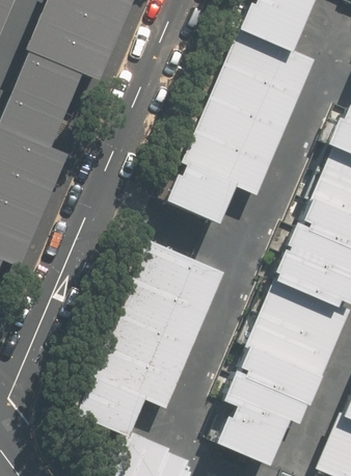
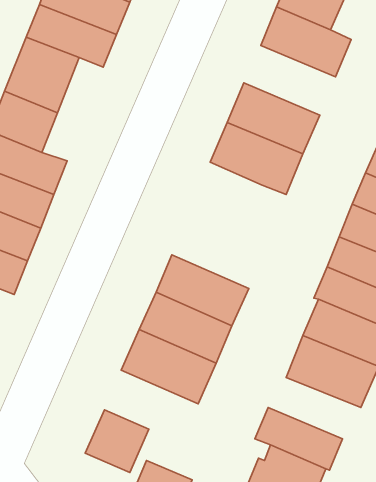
building: [216,63,295,124] -> none
building: [171,164,232,221] -> none
building: [96,344,177,407] -> none
building: [237,348,317,405] -> none

